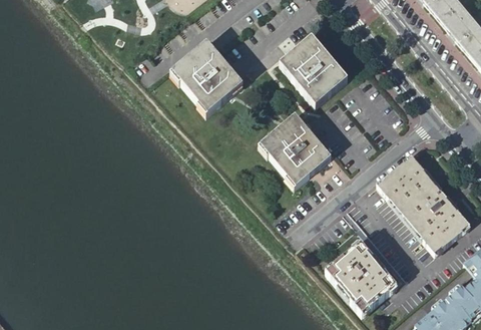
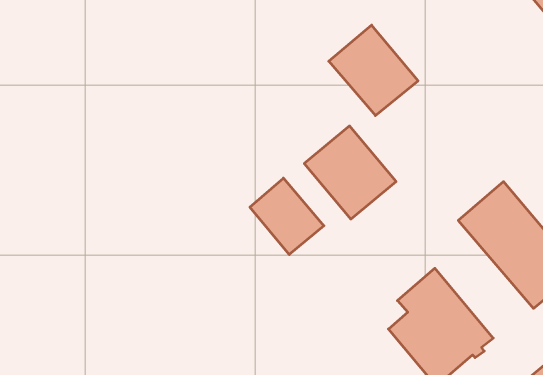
building: [171,40,243,113] -> none
building: none -> [250,178,324,255]

